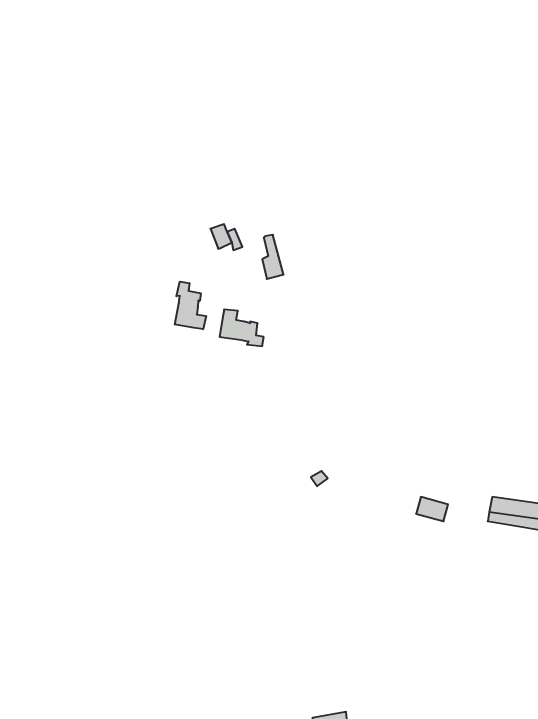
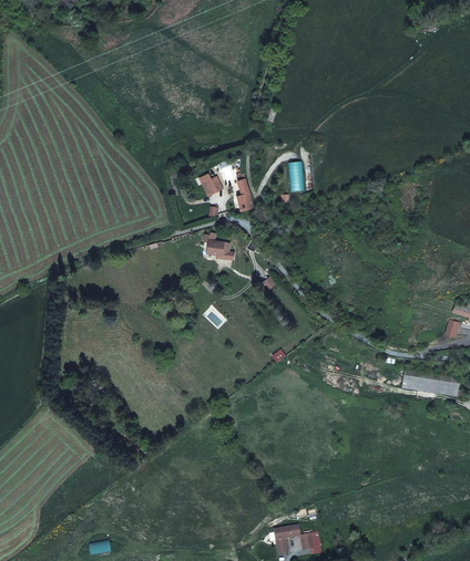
building: [175,282,206,329] -> none

